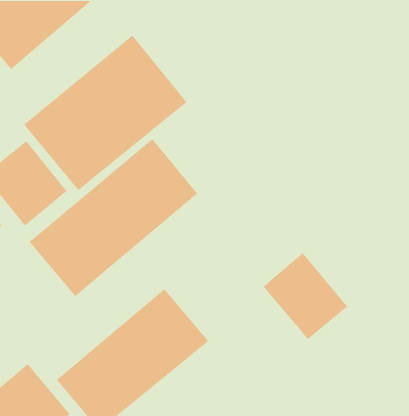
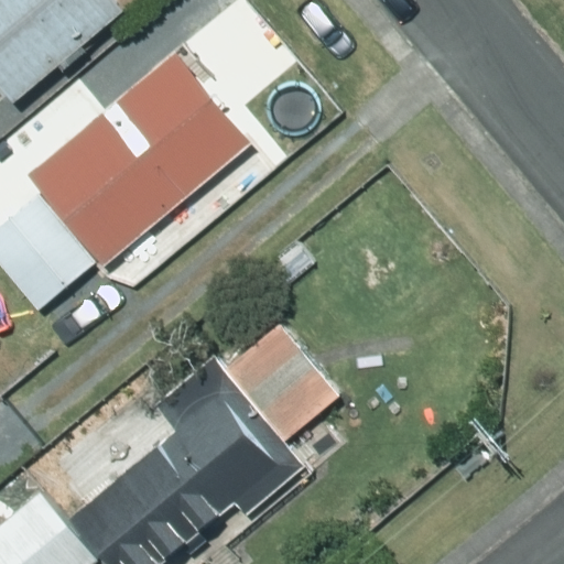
building: [29,138,198,297] -> none
building: [262,252,348,340] -> [223,324,337,442]

